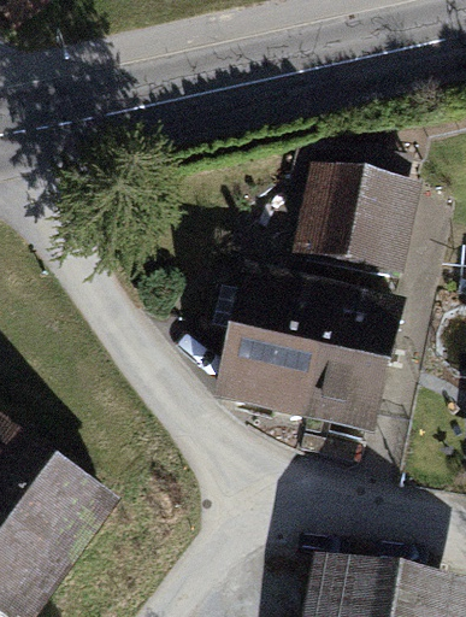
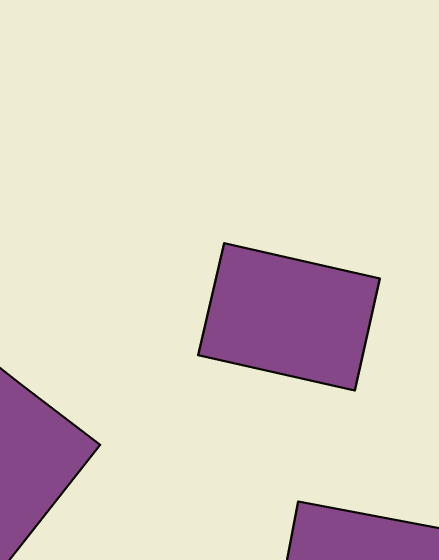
building: [294,166,423,280] -> none

